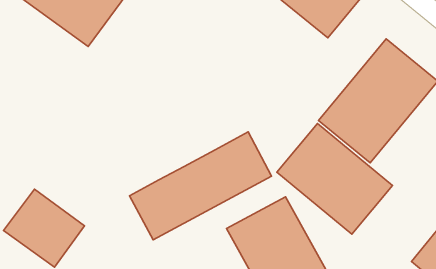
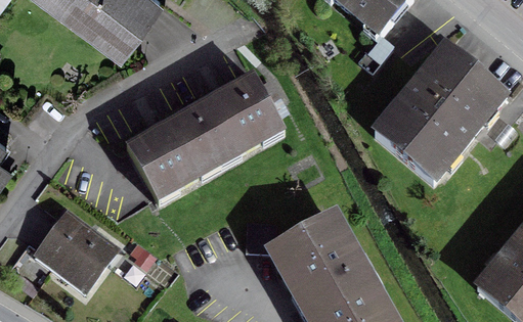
building: [277,123,392,234] -> none
building: [130,132,272,240] -> [129,77,284,194]

